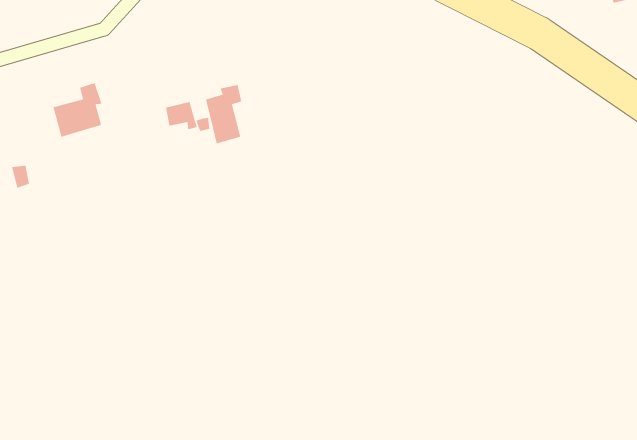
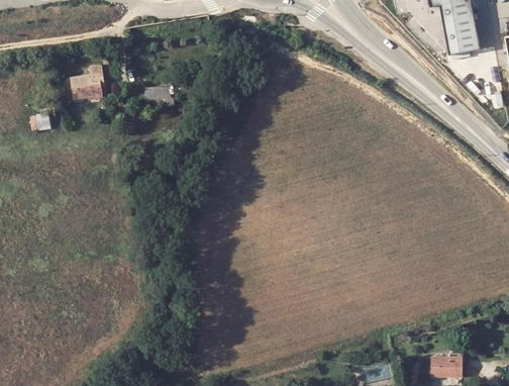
building: [205,84,242,144] -> none

